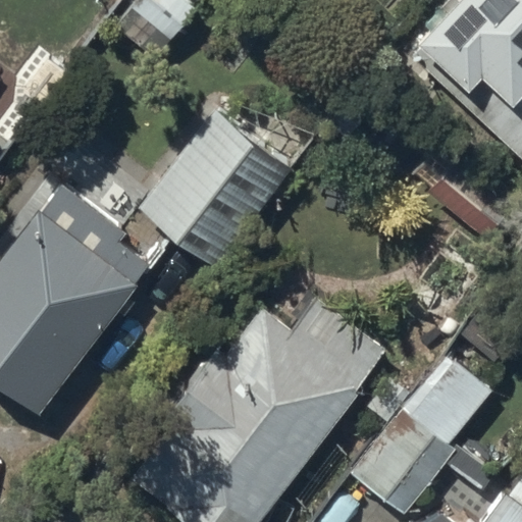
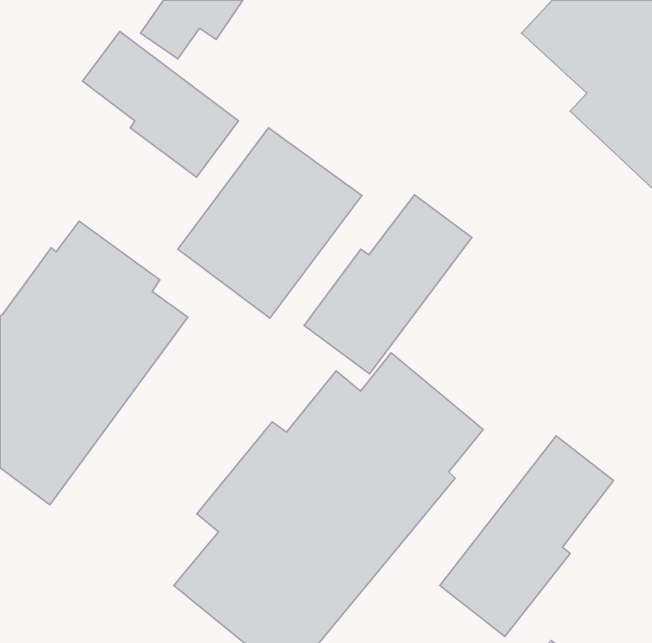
building: none -> [83,31,239,177]
building: none -> [304,195,472,374]

